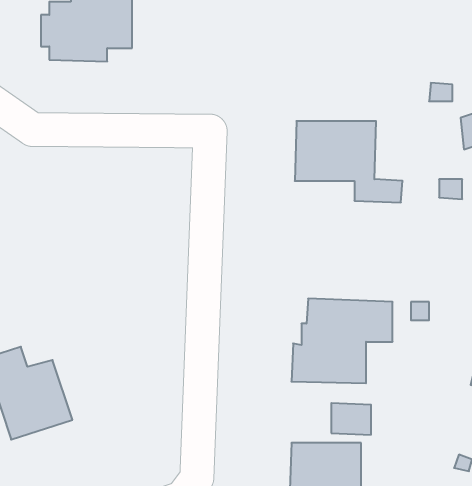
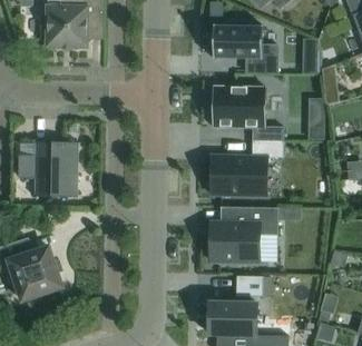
building: none -> [214,21,278,72]
building: none -> [212,140,284,196]
building: none -> [20,141,82,197]

